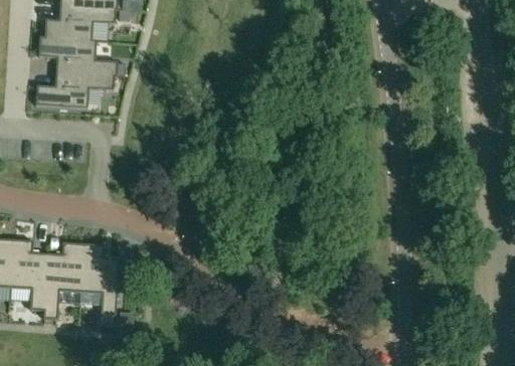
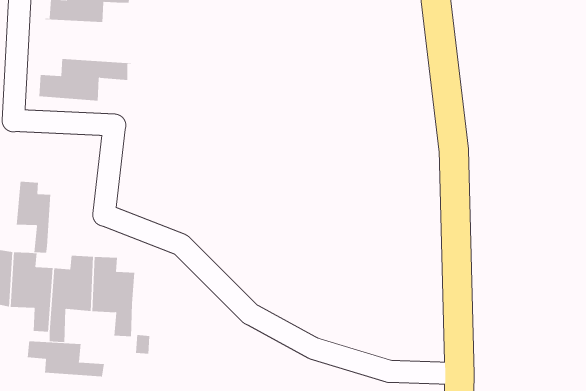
building: [37,39,117,77] -> none
building: none -> [16,181,51,254]
building: none -> [27,340,106,378]

